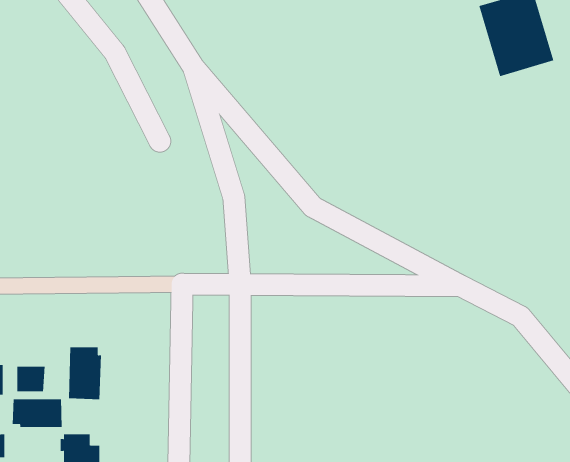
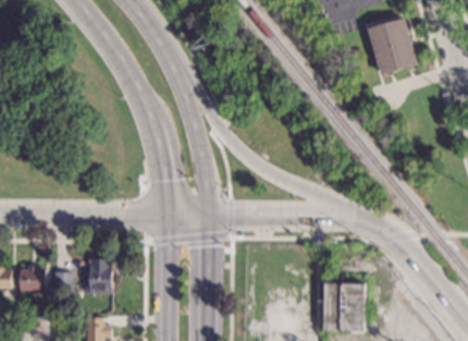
building: none -> [322,282,365,330]
building: [12,399,62,428] -> none

